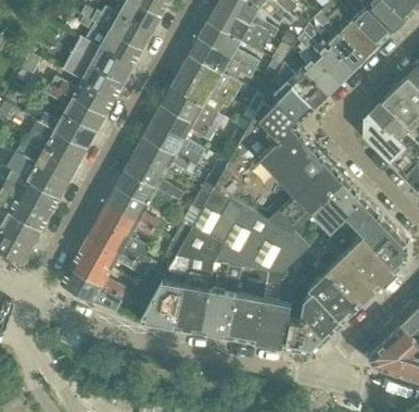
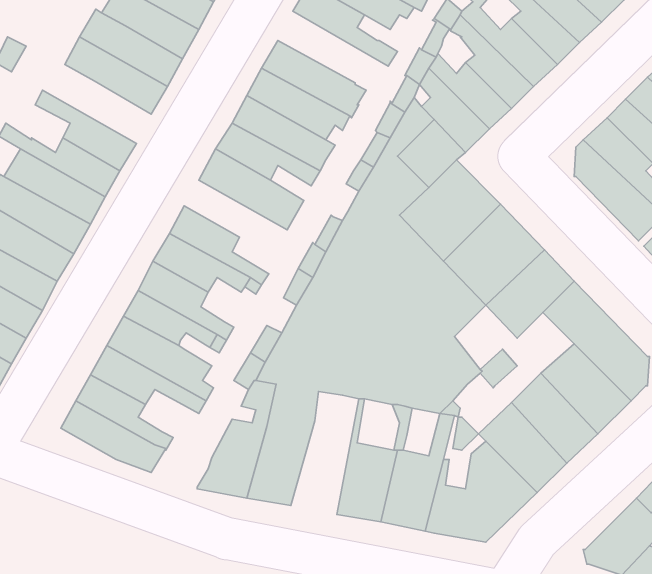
building: [189,38,254,80] -> none
building: [50,77,114,116] -> none
building: [134,138,194,175] -> none
building: [196,265,237,336] -> none

